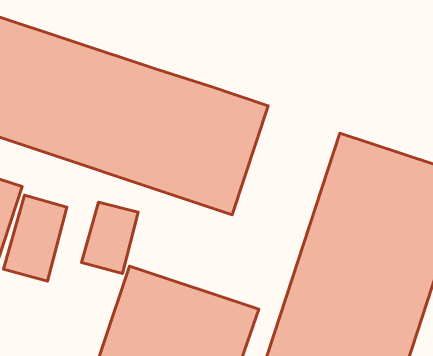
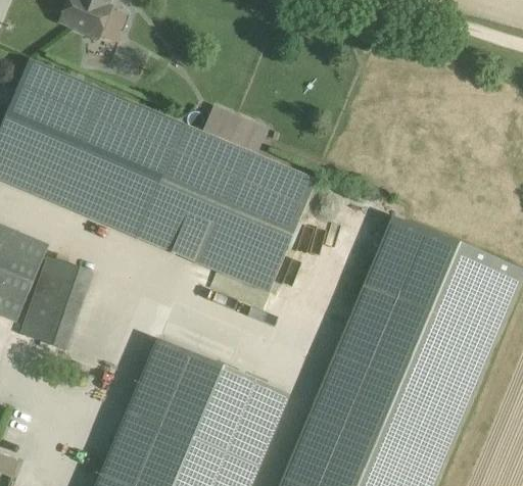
building: [82,202,138,274] -> none

